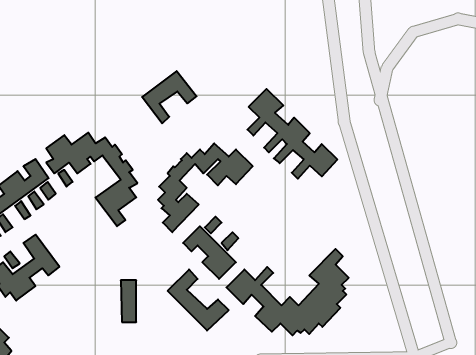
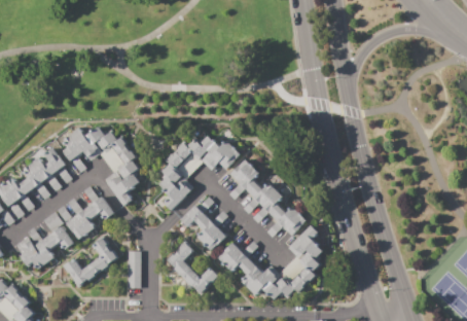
building: [142,71,197,123] -> none
building: [247,89,337,179] -> [228,159,306,237]
building: none -> [58,184,115,240]
building: none -> [63,238,118,289]

